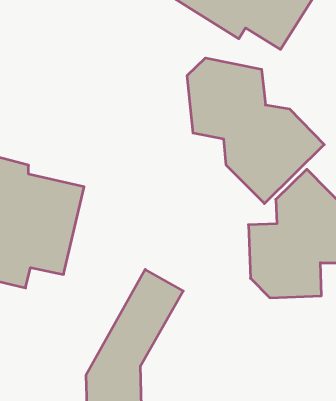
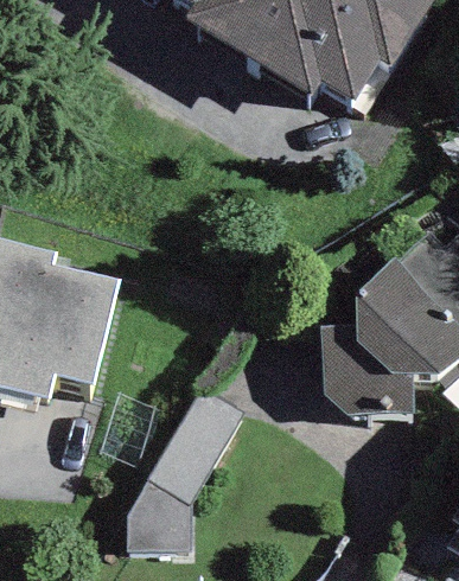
building: [187,58,324,204] -> none

